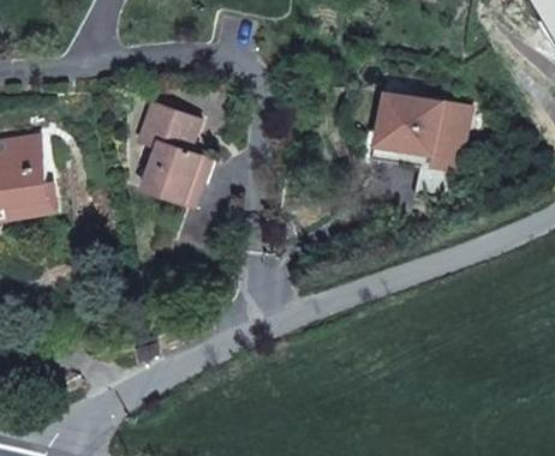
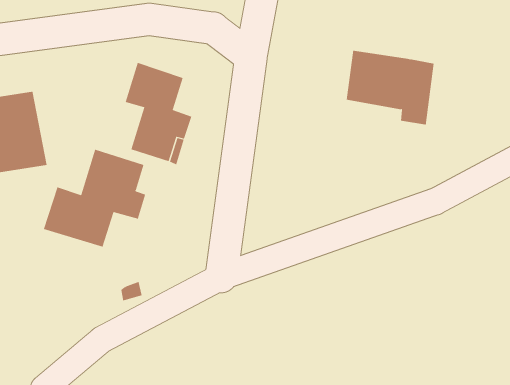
building: none -> [43,149,146,247]

